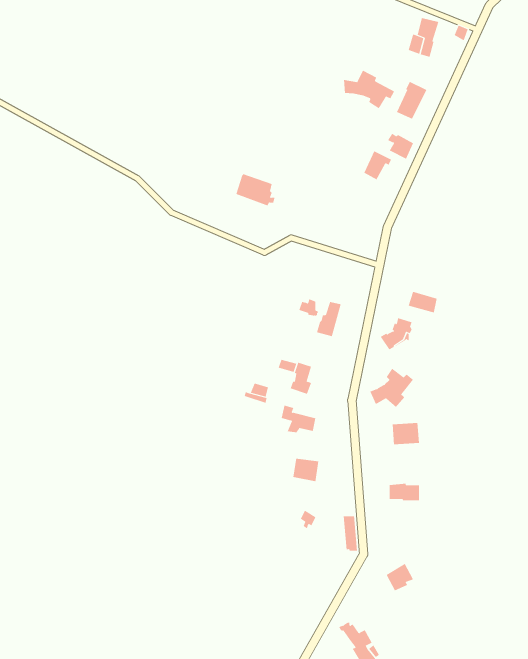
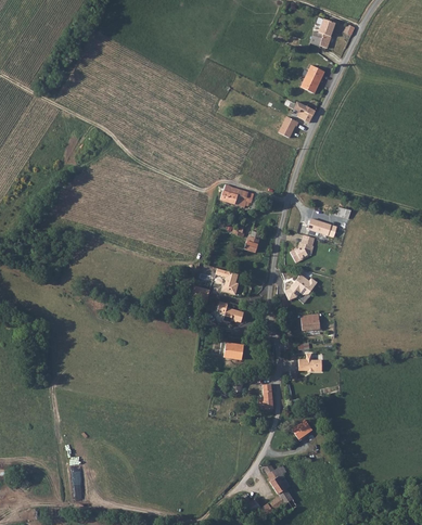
building: [344,70,395,109] -> none
building: [235,174,275,206] -> [220,183,250,207]

